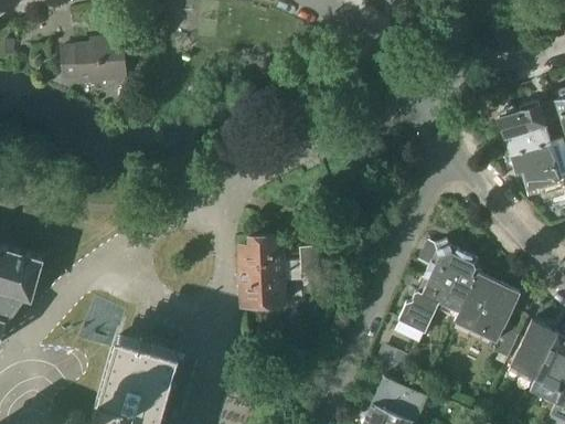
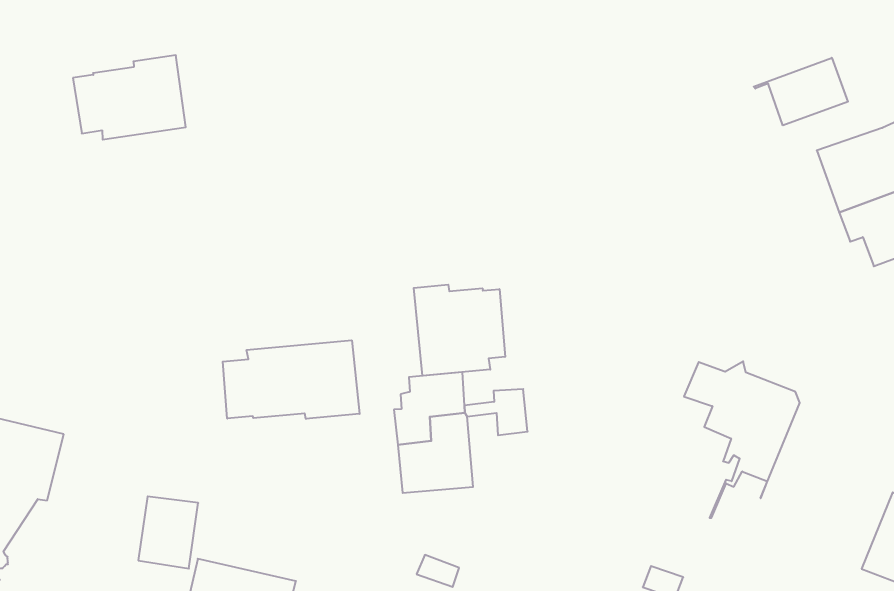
building: none -> [754,58,848,125]
building: none -> [414,285,505,376]
building: none -> [223,340,360,419]
building: [455,267,520,360] -> none
building: [398,278,444,340] -> none

